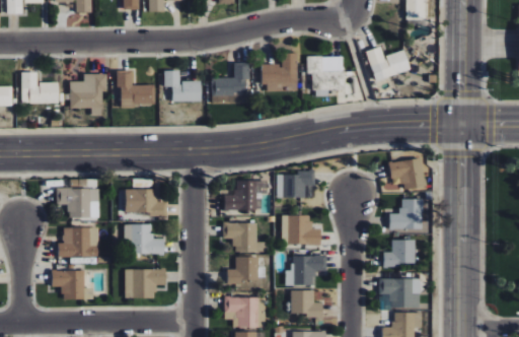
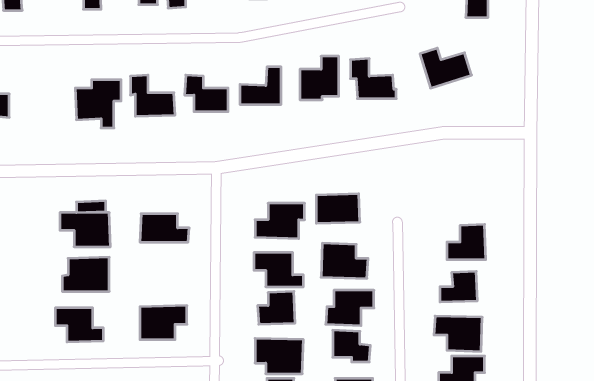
building: [21,72,58,104] -> none
building: [388,157,426,189] -> none
building: [124,224,164,254] -> none

